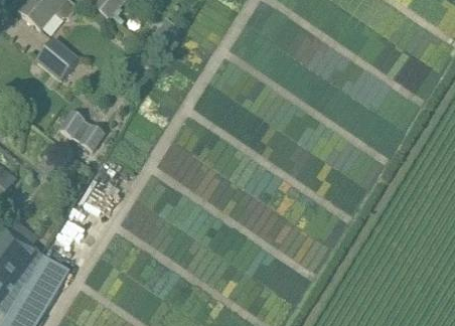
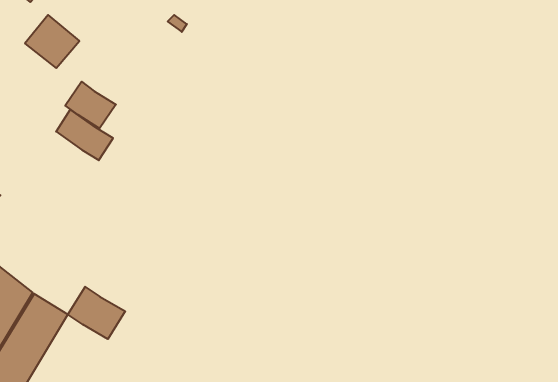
building: none -> [65,82,116,128]
building: none -> [68,287,125,339]

